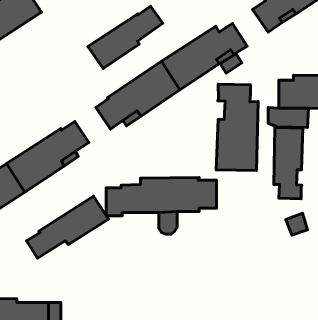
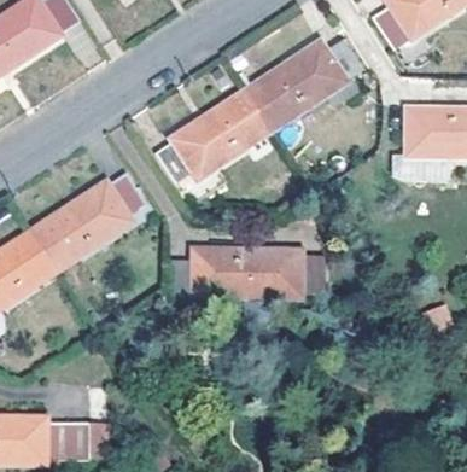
building: [88,6,163,68] -> none
building: [216,84,258,170] -> none
building: [274,128,303,199] -> none
building: [27,196,109,258] -> none

